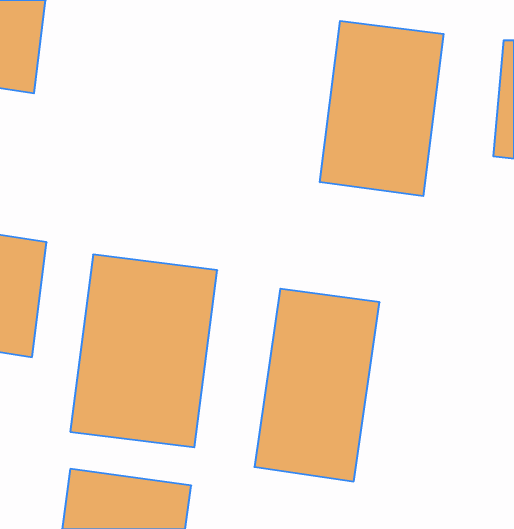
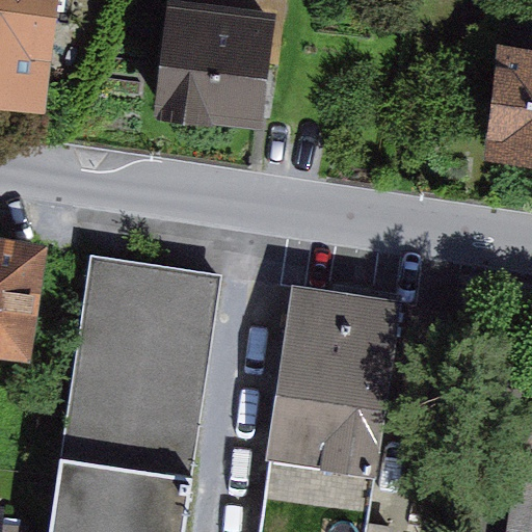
building: none -> [160,7,278,119]
building: [320,21,444,196] -> none

